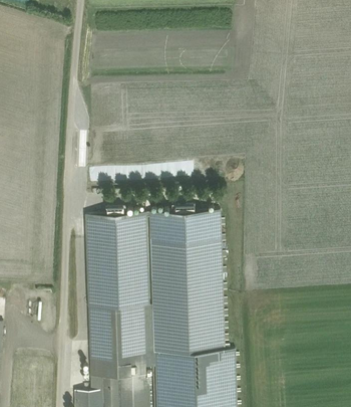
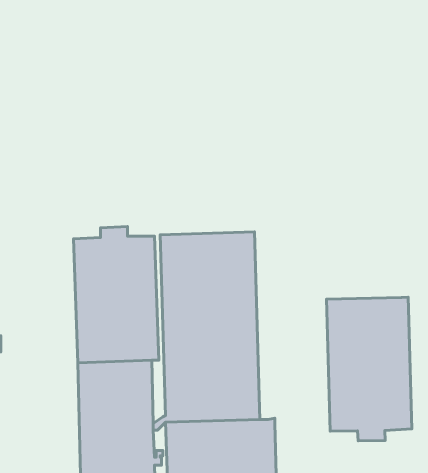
building: none -> [326,297,412,441]

